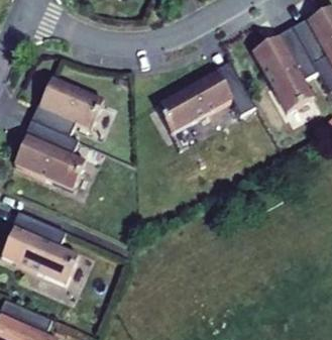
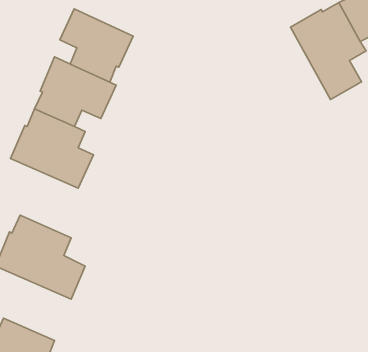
building: none -> [60,9,133,82]
building: [154,65,254,131] -> none

